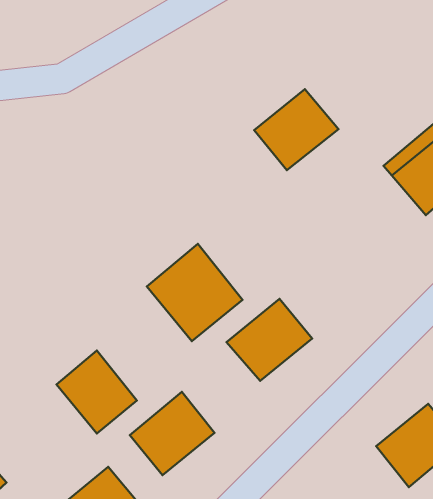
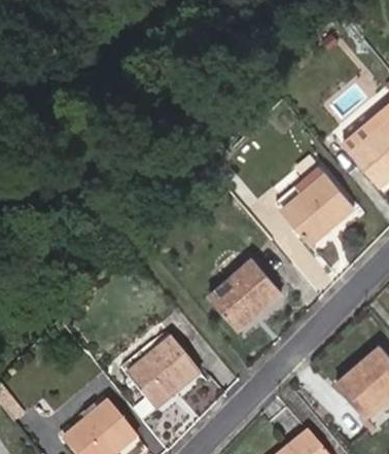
building: [254,89,339,170] -> [283,173,355,242]
building: [147,244,243,341] -> none
building: [57,350,137,433] -> none

